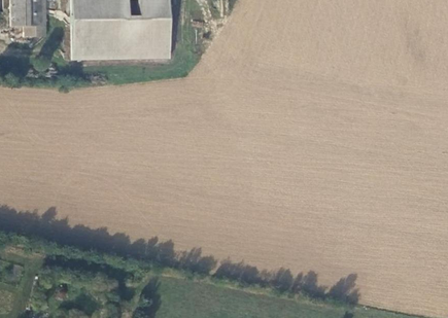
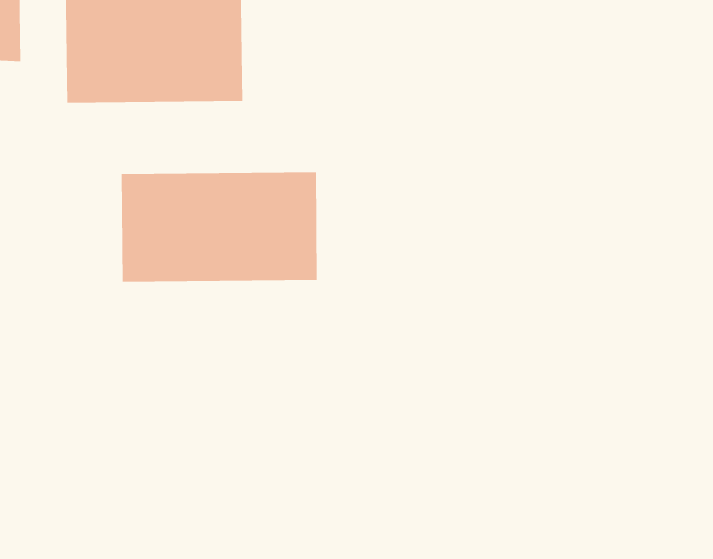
building: none -> [121,171,317,283]

